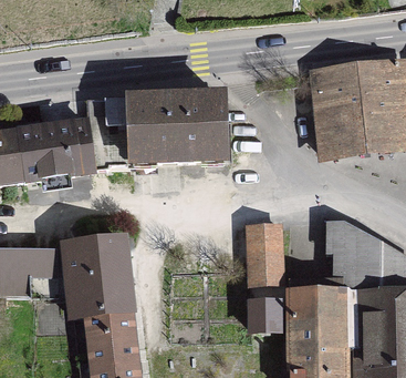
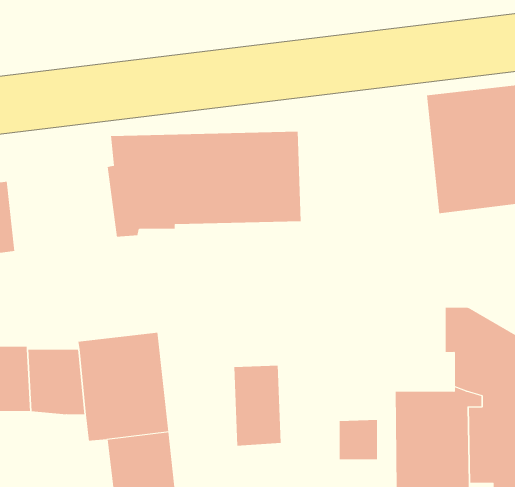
building: [15,122,93,182] -> none
building: [248,226,282,284] -> [233,365,282,446]

